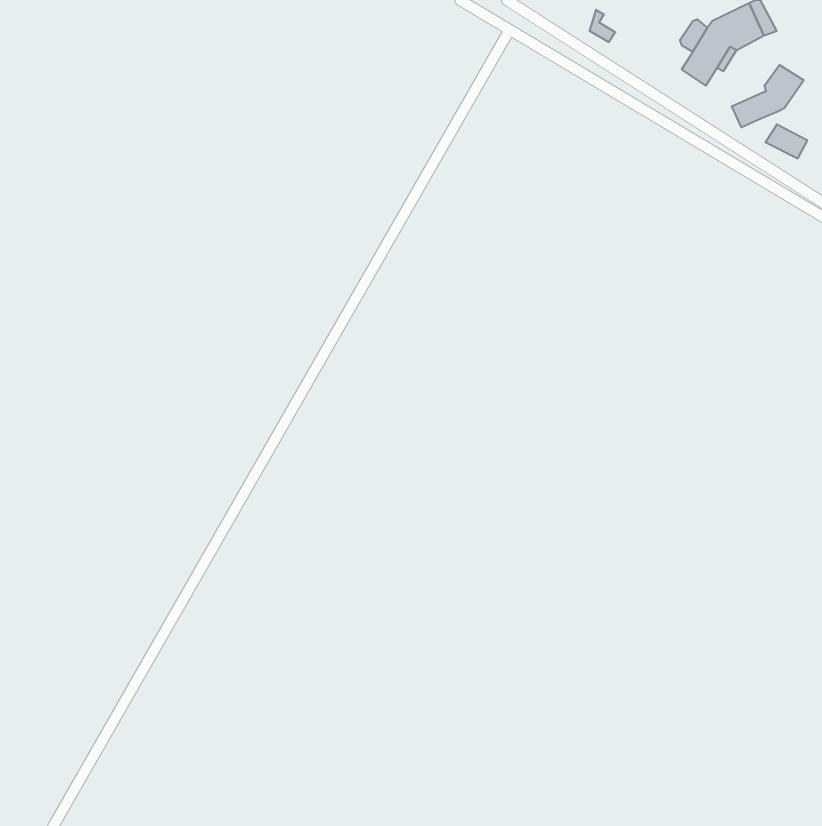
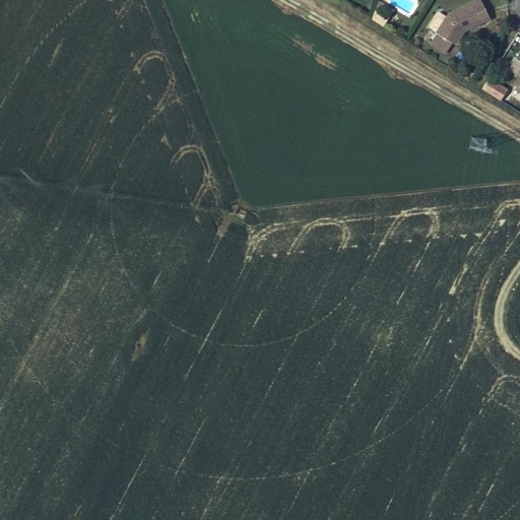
building: [732,65,804,127] -> none

